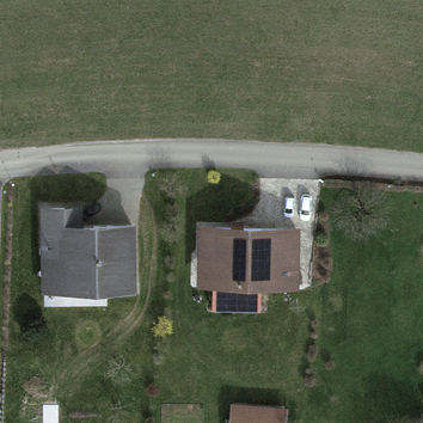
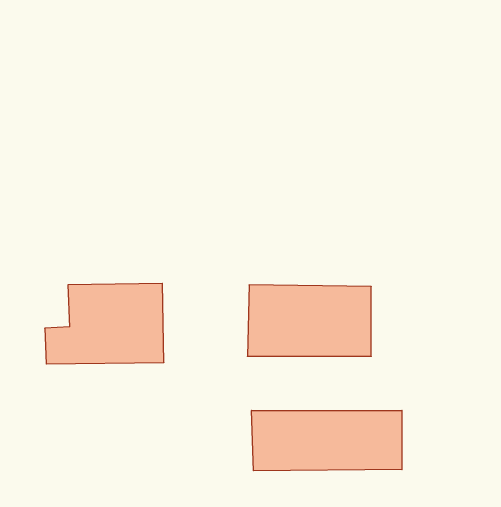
building: none -> [252,410,402,471]

